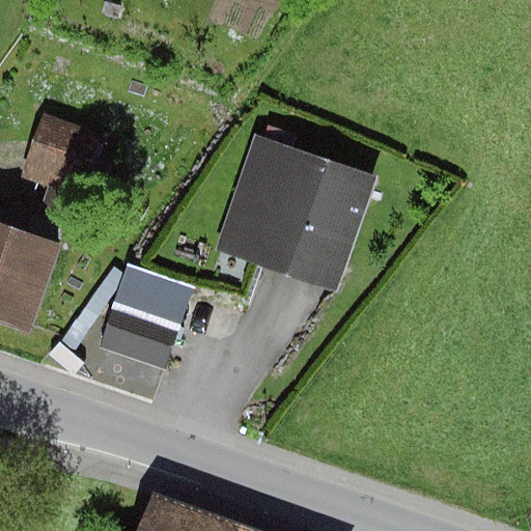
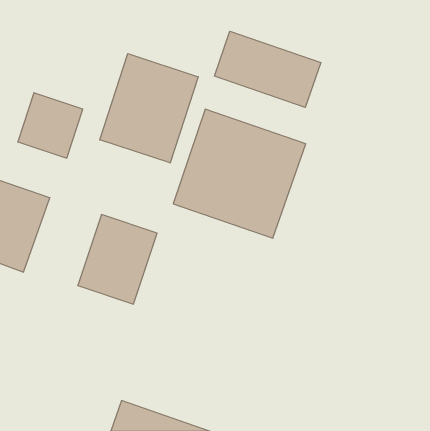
building: none -> [214,31,321,107]
building: none -> [100,54,198,163]

